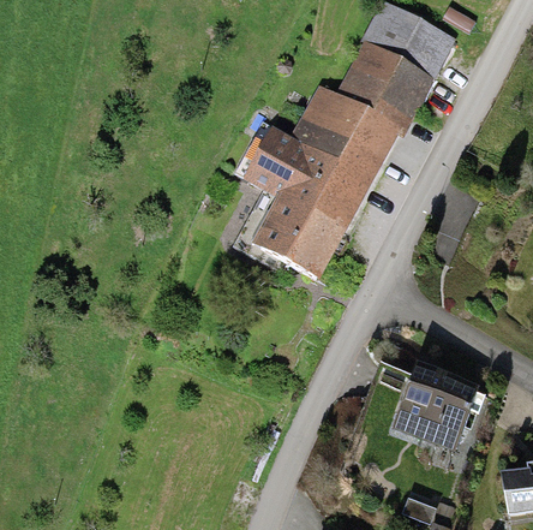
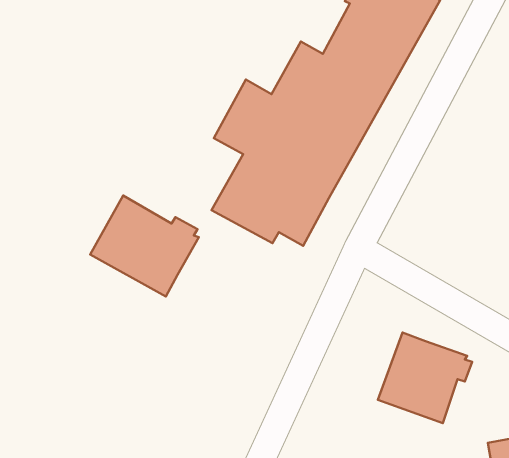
building: none -> [90,195,199,296]

